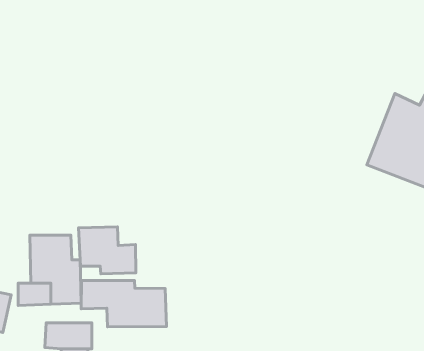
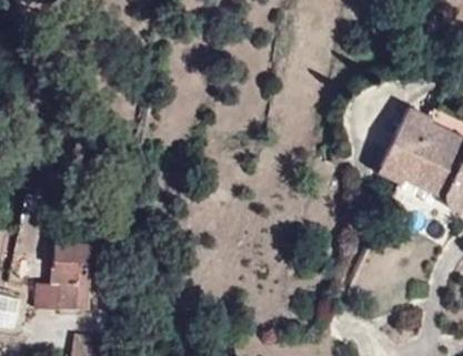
building: [78,227,136,274] -> none
building: [81,280,166,327] -> none

